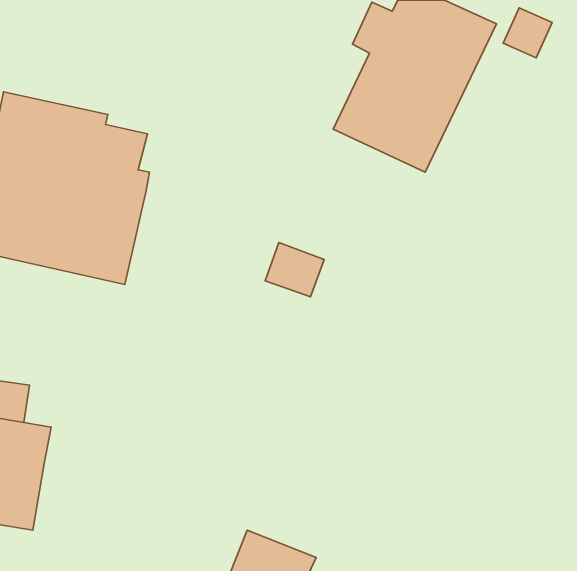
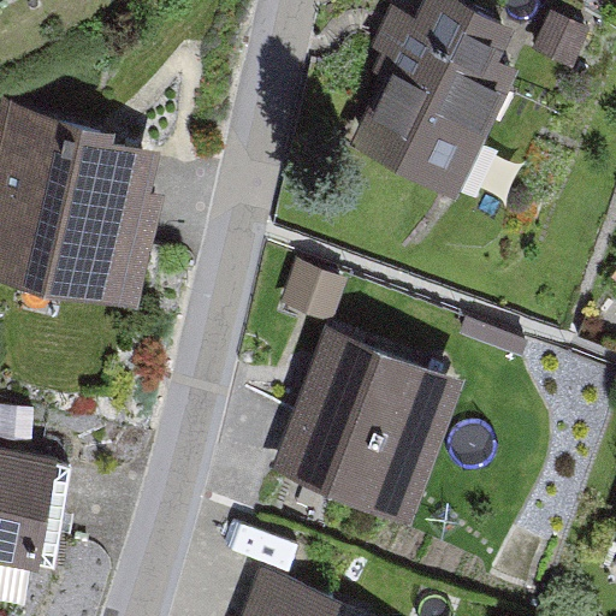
building: none -> [277,334,458,522]

